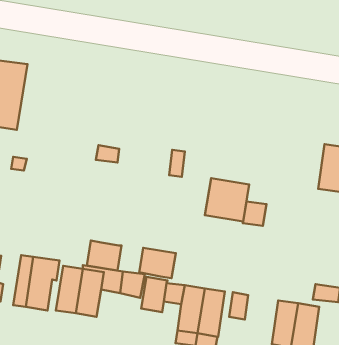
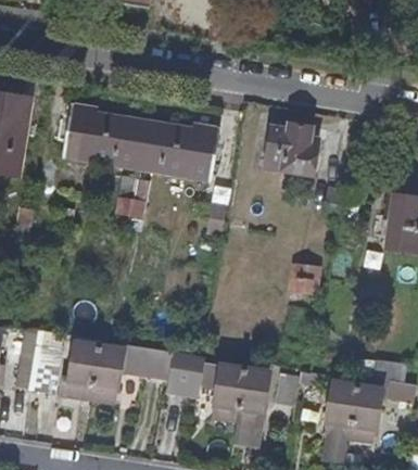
building: none -> [63,106,219,181]
building: none -> [259,124,313,174]
building: [205,178,249,221] -> none
building: [87,241,122,271] -> none
building: [139,248,176,278] -> none

